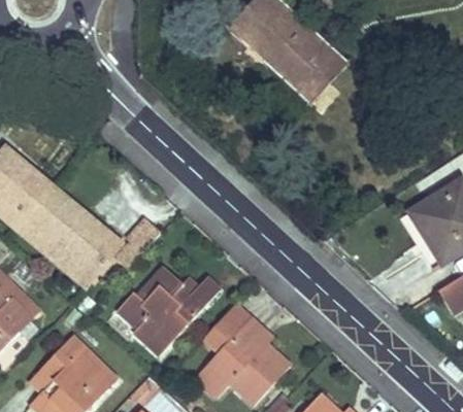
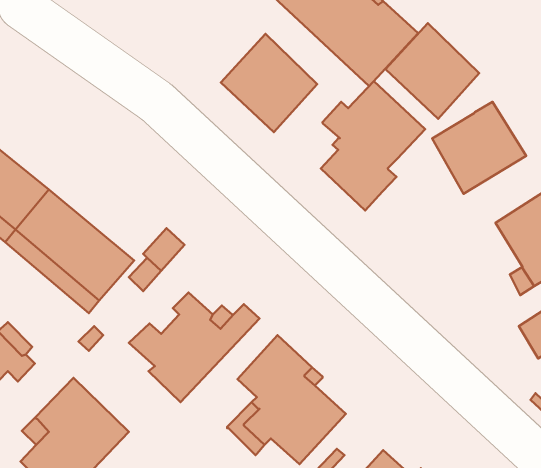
building: none -> [385,23,479,119]
building: none -> [221,34,317,132]
building: none -> [321,81,425,210]
building: none -> [432,102,526,194]

